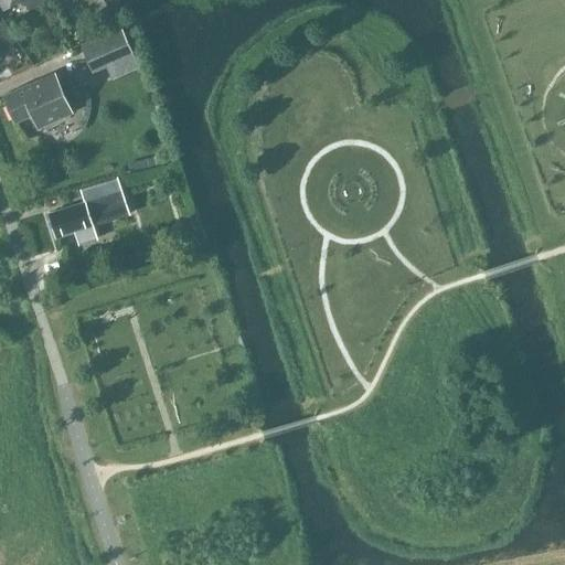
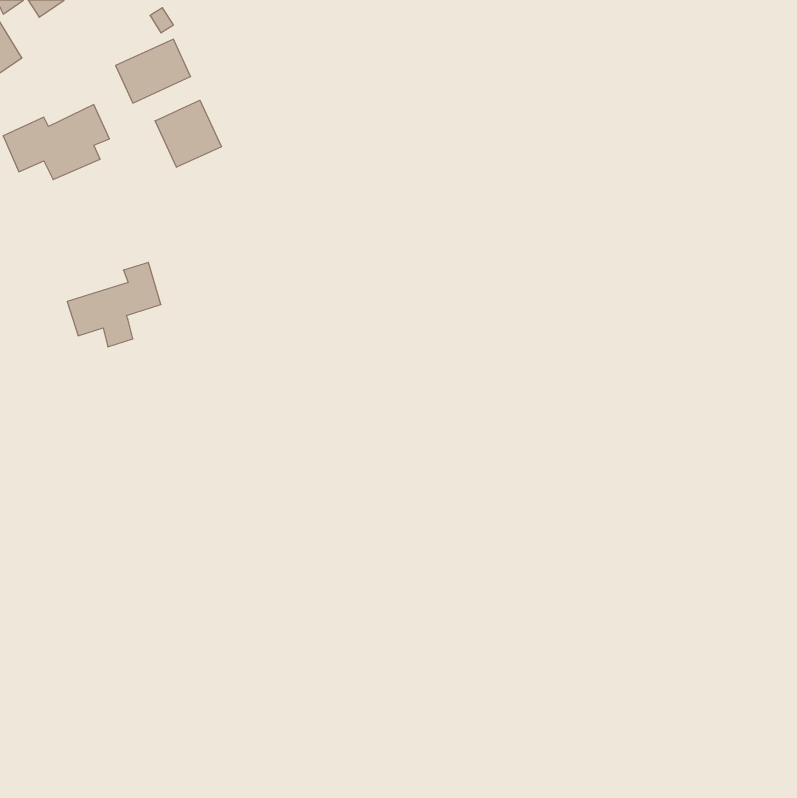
building: none -> [155,100,221,167]

